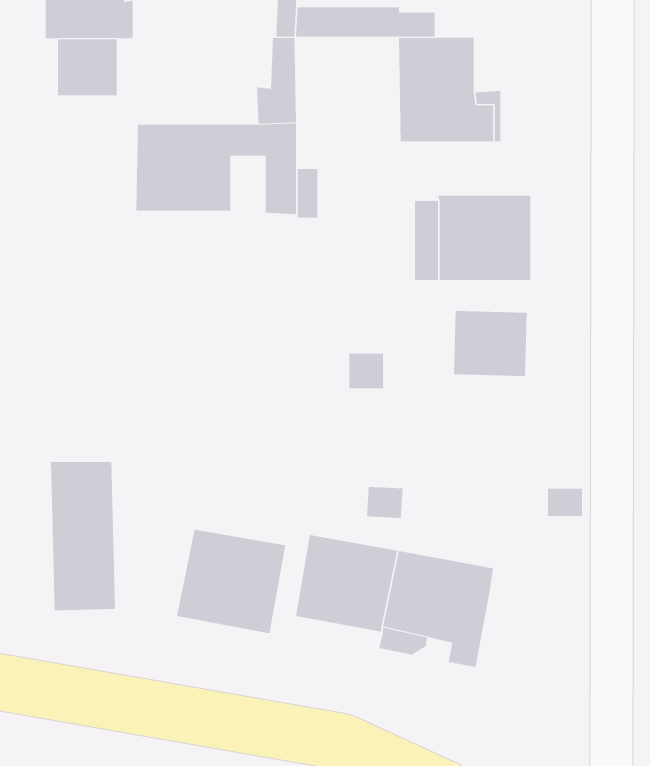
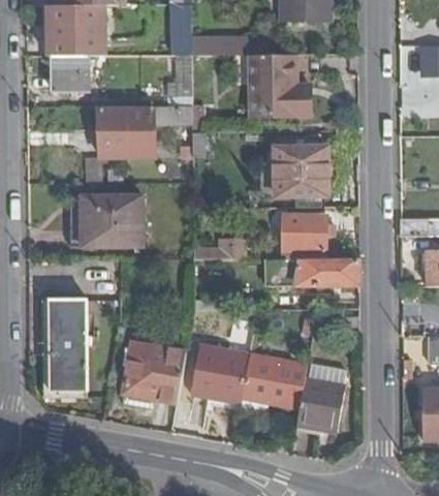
building: none -> [71,194,142,245]
building: none -> [265,258,360,286]
building: none -> [295,377,344,433]

